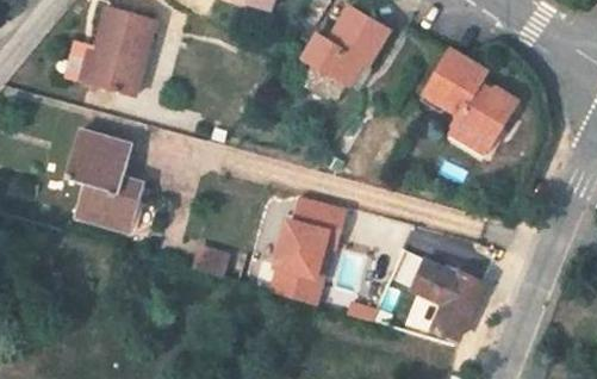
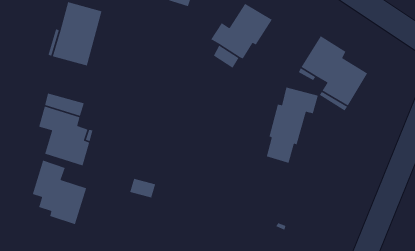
building: [272,197,344,303] -> [266,86,319,164]
building: none -> [32,160,87,225]
building: [410,260,480,338] -> none

